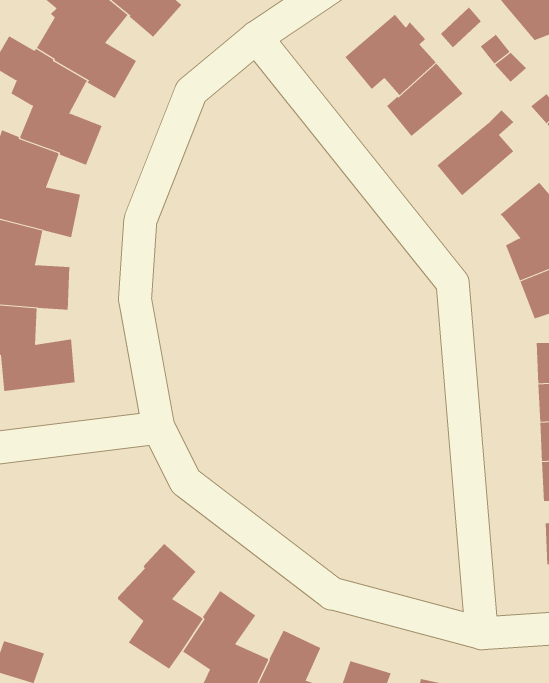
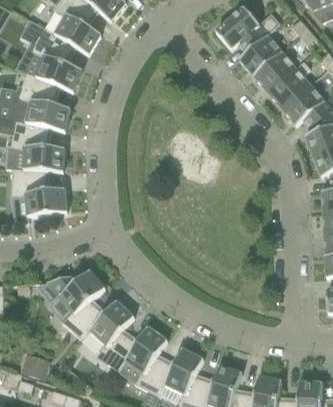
building: none -> [253,52,296,92]
building: none -> [281,84,324,126]
building: none -> [47,270,105,340]

